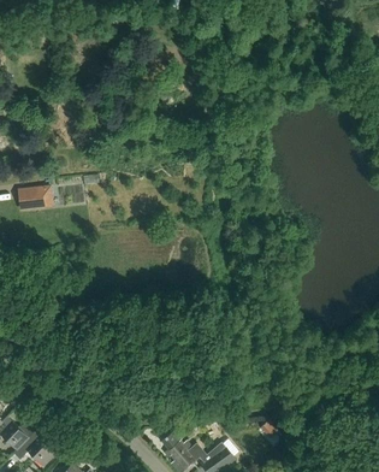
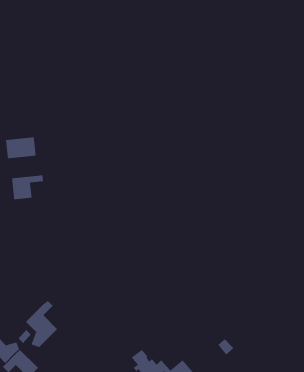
building: none -> [11,174,44,200]
building: none -> [25,299,58,348]

